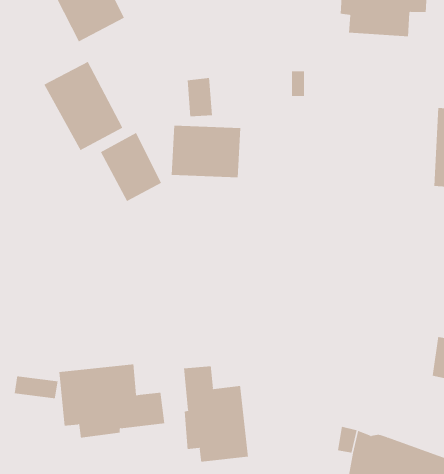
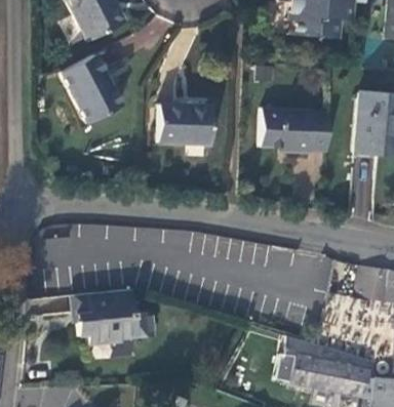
building: none -> [260,110,329,154]
building: [100,132,162,202] -> none
building: [184,365,248,463] -> none

